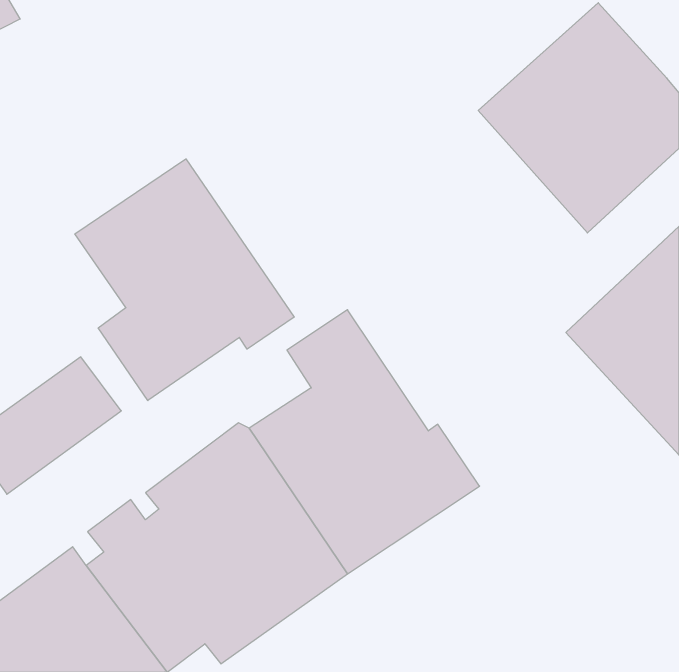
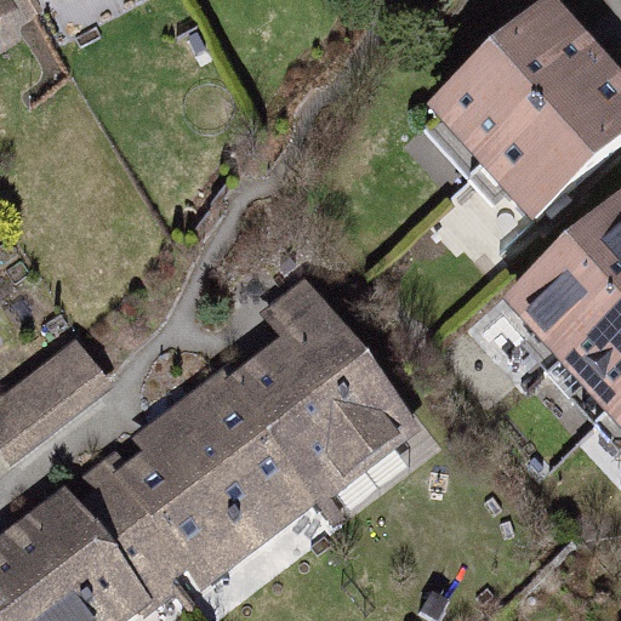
building: [75,159,294,401] -> none

